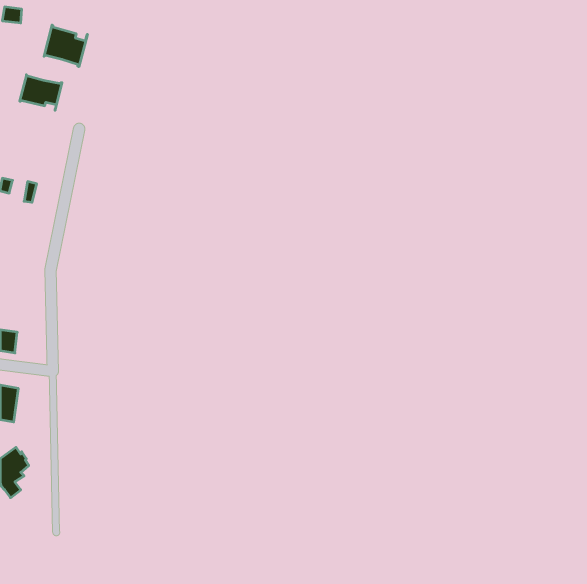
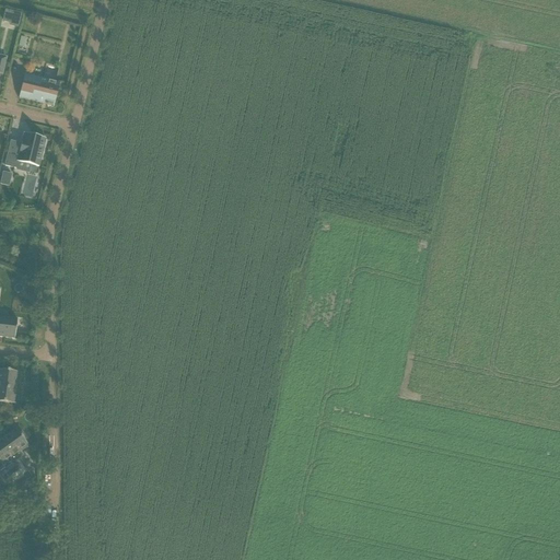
building: [44,25,87,67] -> none
building: none -> [4,130,45,166]

